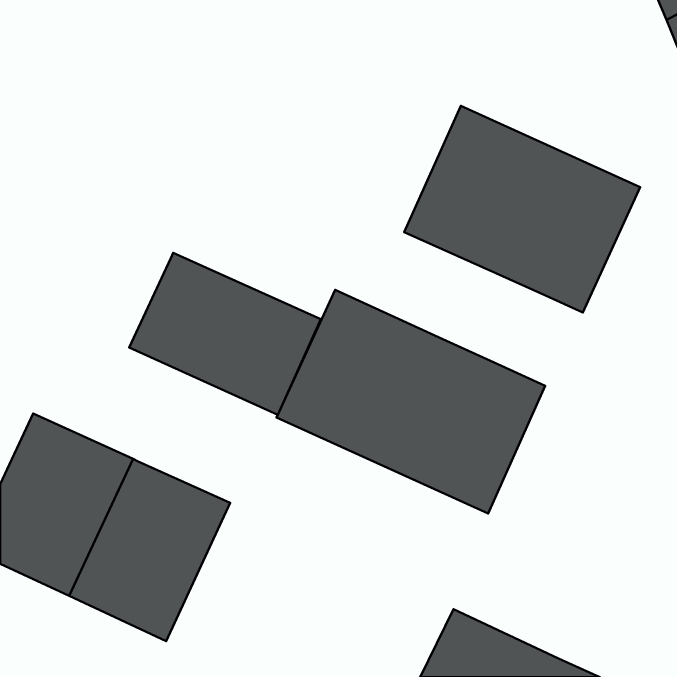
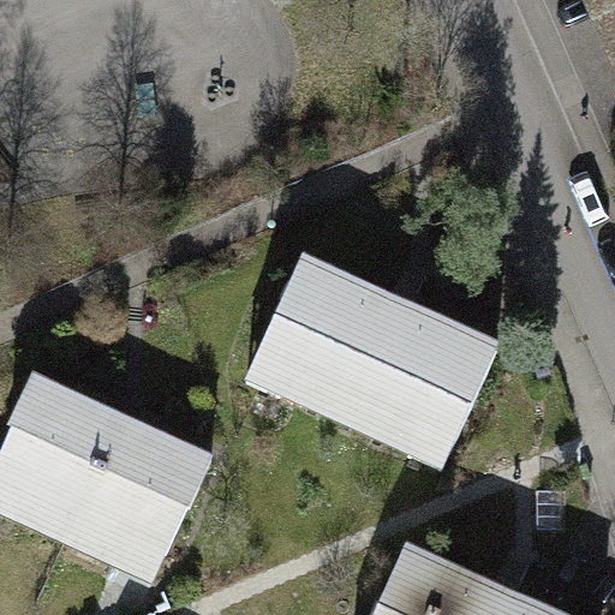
building: [404,106,640,312] -> none
building: [129,253,321,415] -> none

